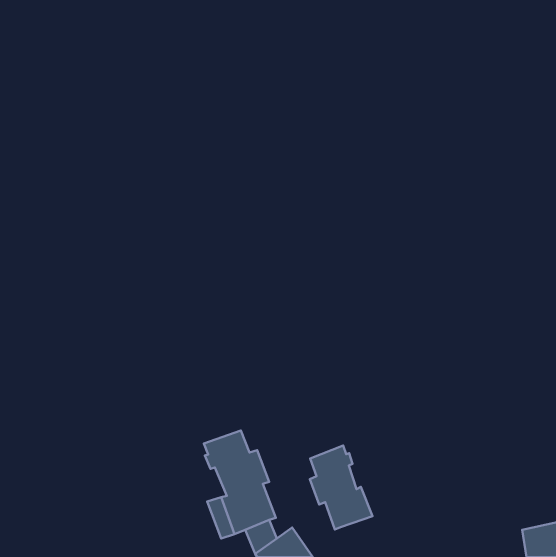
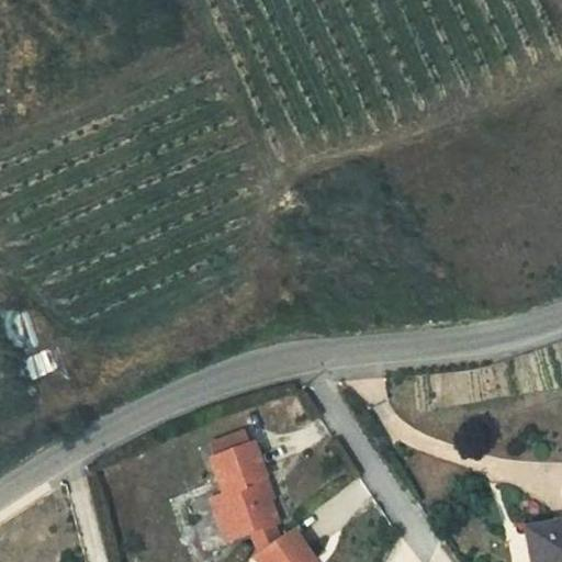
building: [310,445,373,529] -> none

